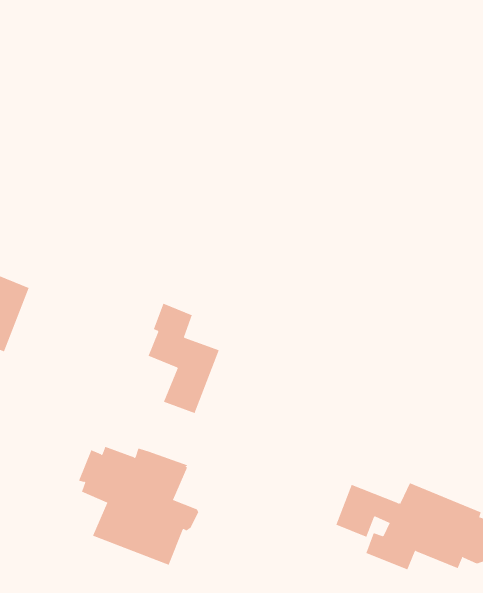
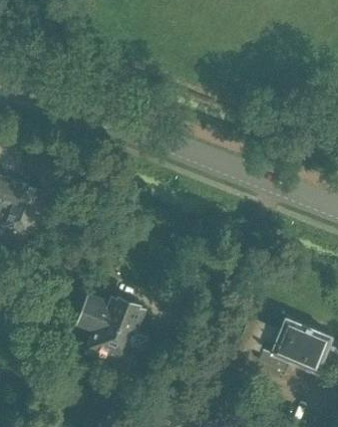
building: [148,303,219,414] -> none

